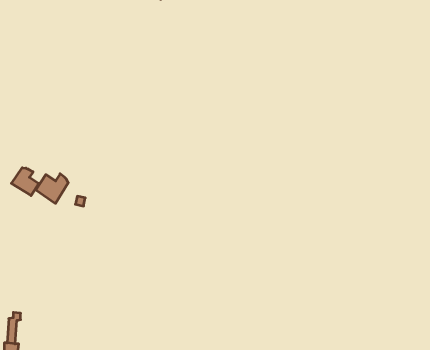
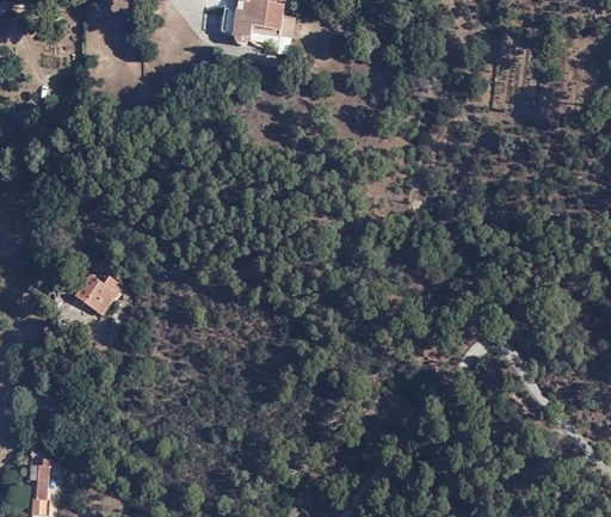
building: [11,168,39,196] -> none

